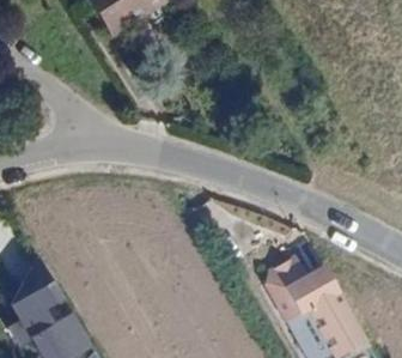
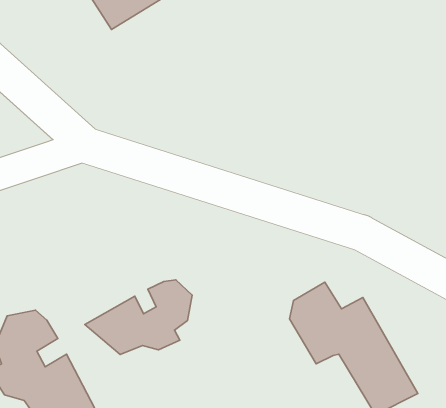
building: none -> [85,280,192,355]

